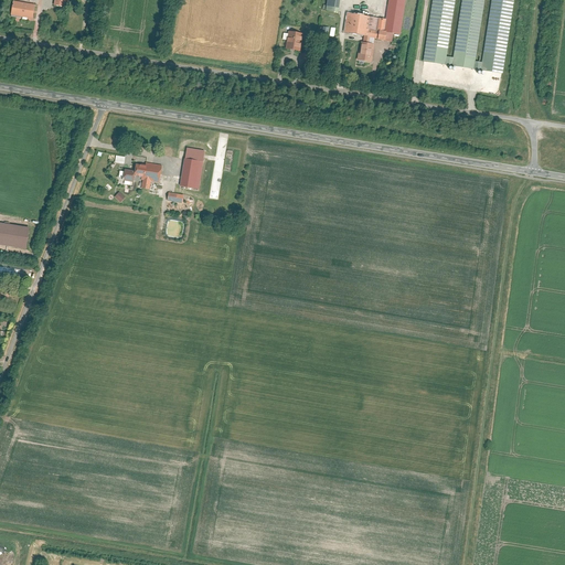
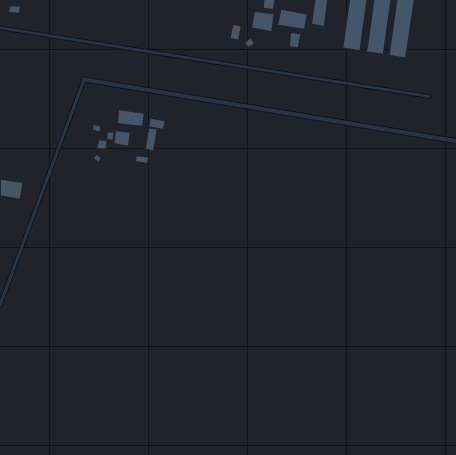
building: none -> [251,11,275,32]
building: none -> [117,110,144,127]

